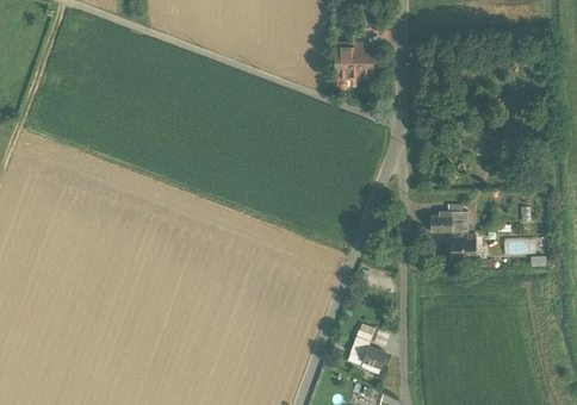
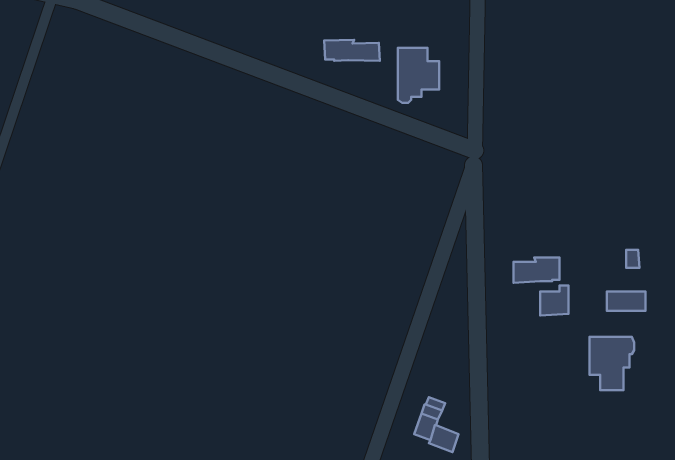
building: none -> [324,40,380,61]
building: none -> [589,337,634,390]

